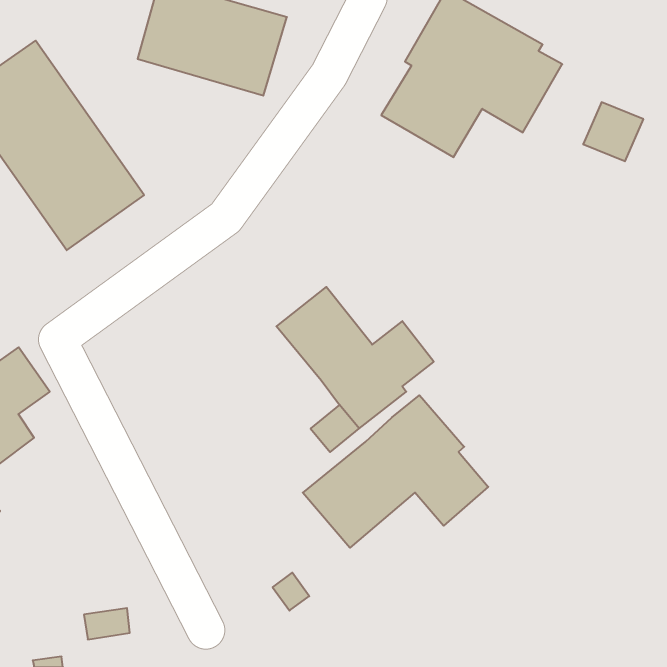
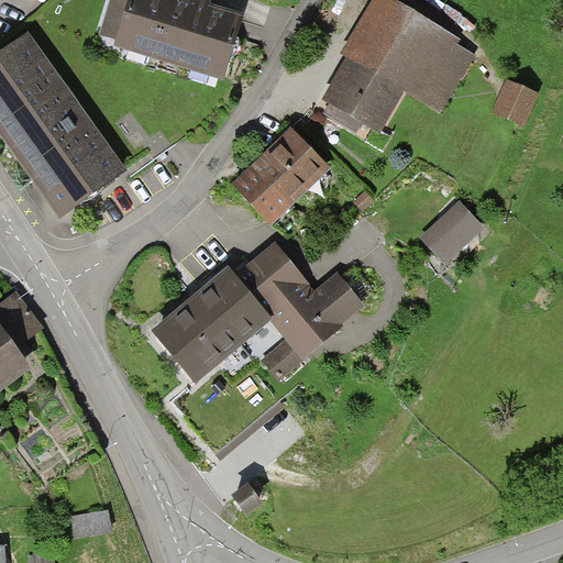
building: none -> [231,129,327,223]
building: none -> [422,199,486,263]
building: none -> [152,268,269,383]
building: [303,395,488,548] -> none

